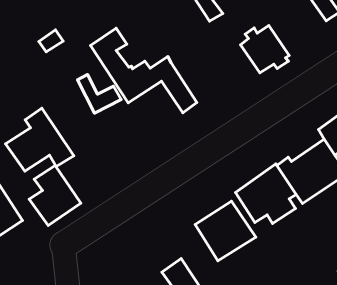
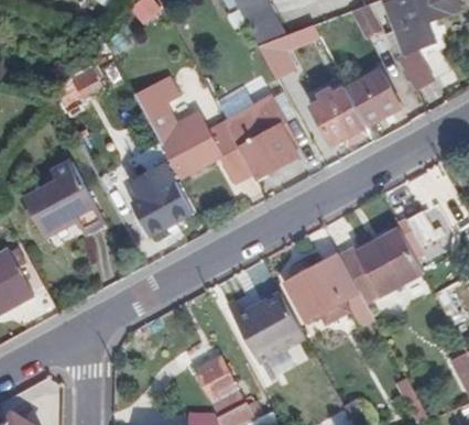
building: none -> [345,68,399,124]
building: none -> [226,97,297,178]
building: [29,165,81,226] -> [128,165,188,236]

